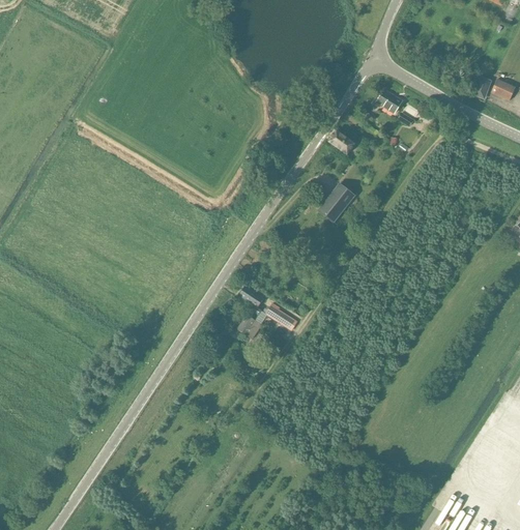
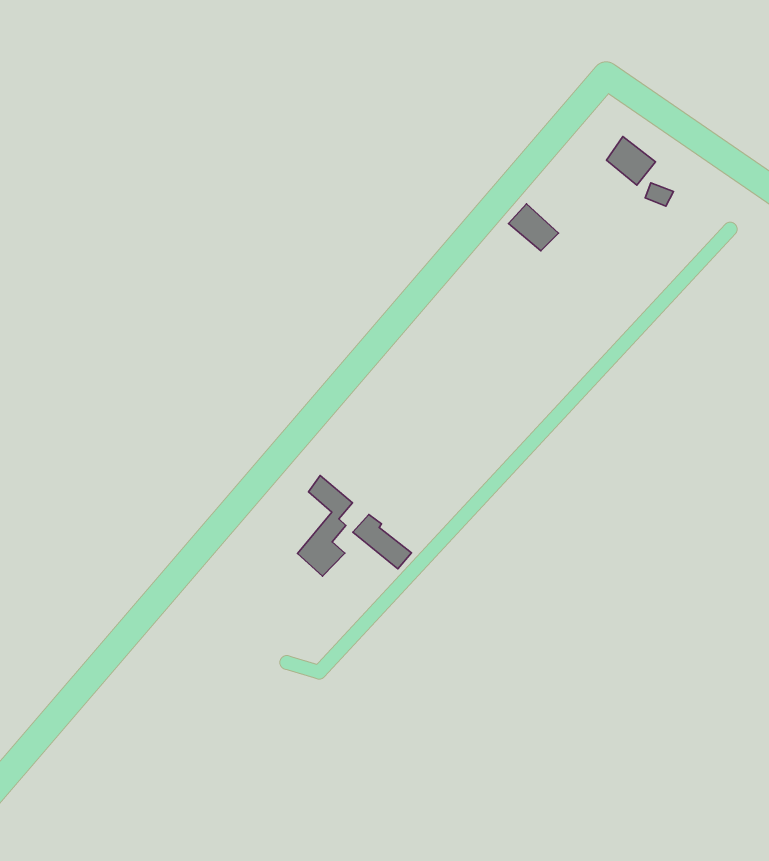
building: [318,183,354,223] -> none

